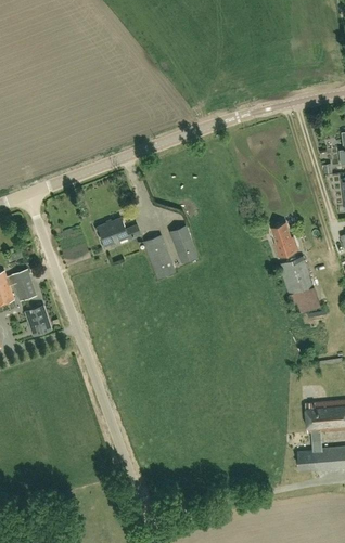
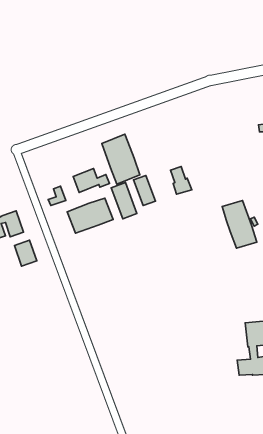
building: none -> [102,134,140,184]
building: [271,222,297,256] -> [170,167,192,194]
building: none -> [67,198,113,233]

